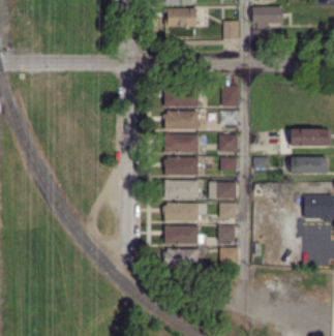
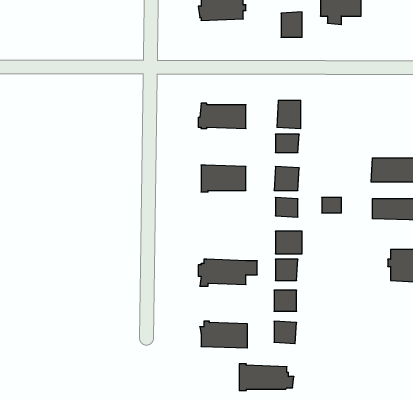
building: [162,111,199,130] -> none
building: [164,156,200,176] -> none
building: [164,180,200,200] -> none
building: [164,225,205,245] -> [239,364,294,391]

